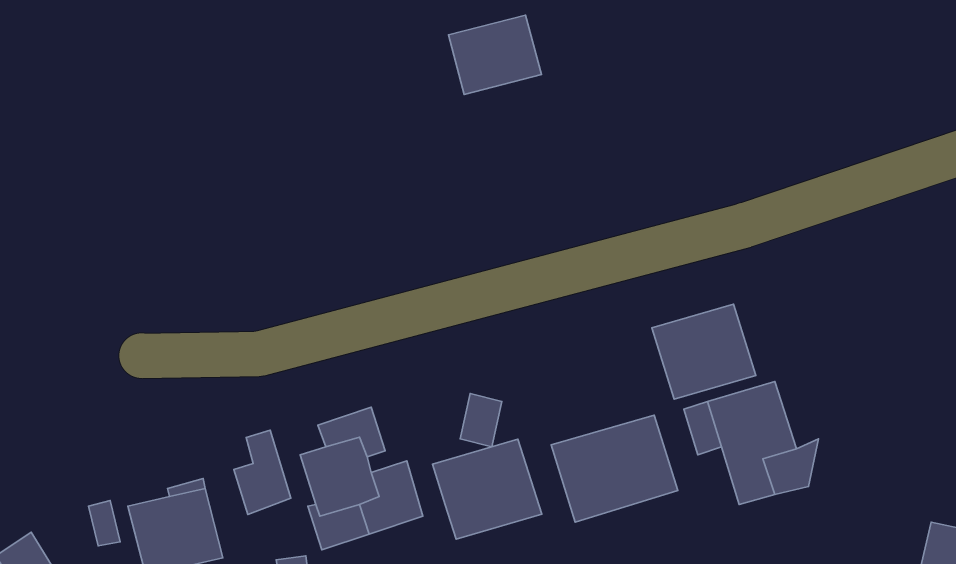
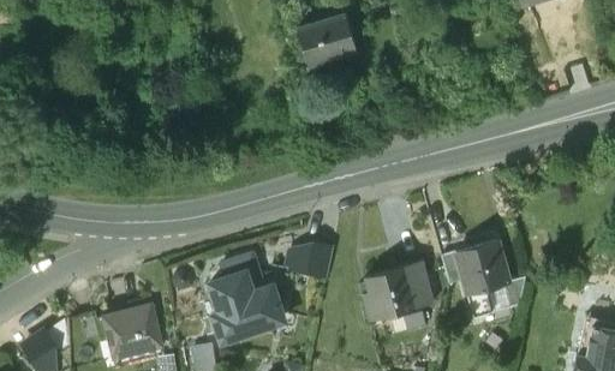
building: [652,304,756,399] -> none
building: [234,430,291,515] -> none
building: [433,439,542,539] -> none

